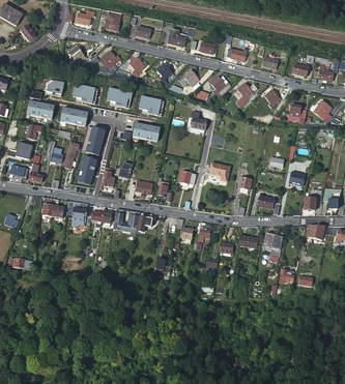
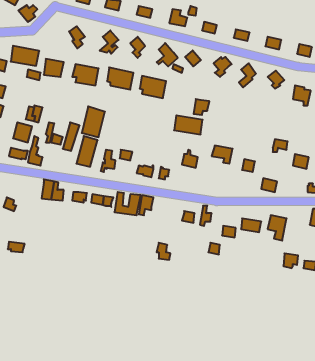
building: [27,98,55,118] -> [11,46,39,66]
building: [60,105,88,124] -> none
building: [133,121,161,140] -> [174,115,203,134]

